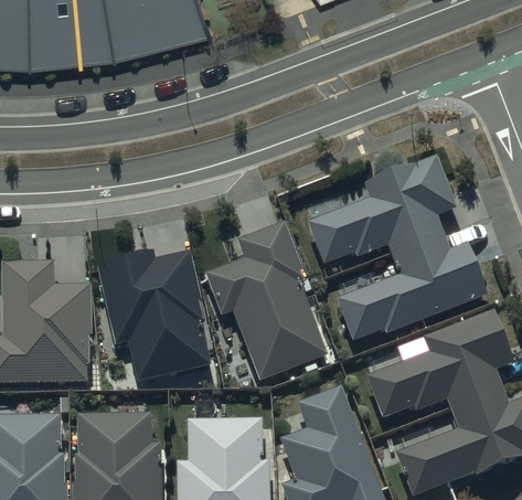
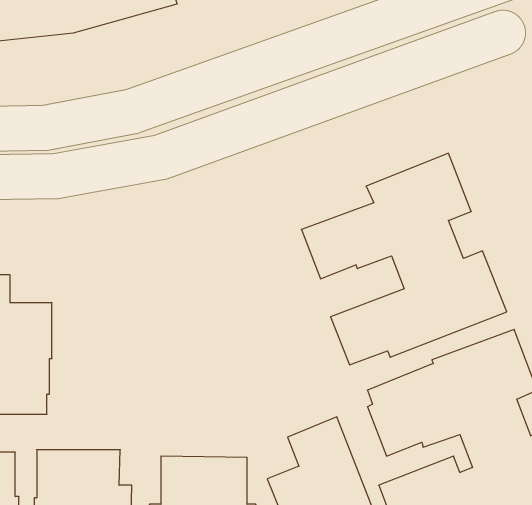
building: [205,221,328,381] -> none
building: [96,252,210,383] -> none

